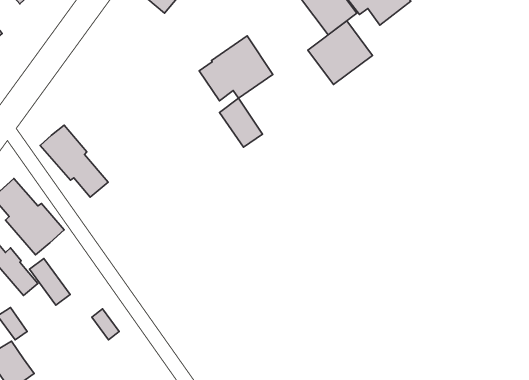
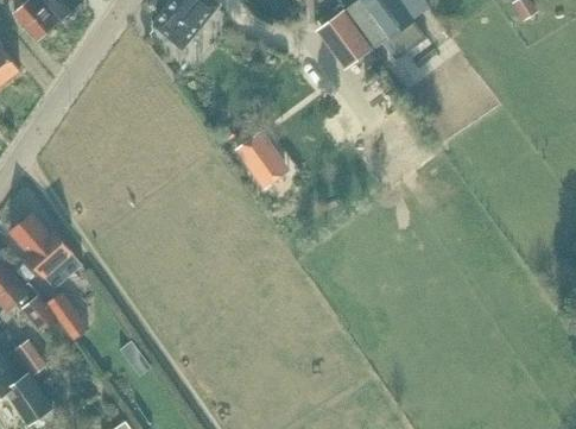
building: [308,21,372,85] -> none
building: [199,36,273,101] -> none
building: [40,125,108,197] -> none

